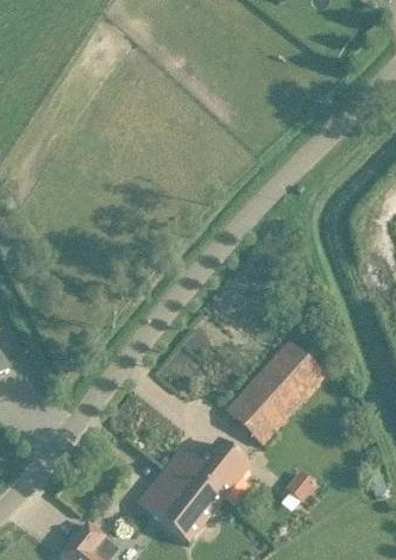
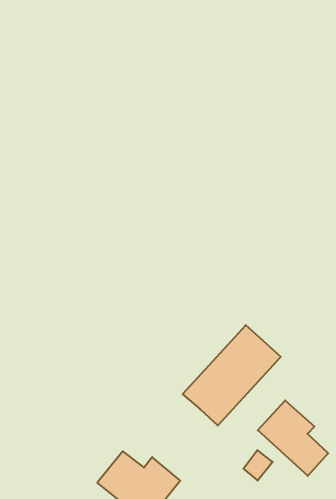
building: none -> [258,400,328,476]
building: [165,440,250,498] -> none

